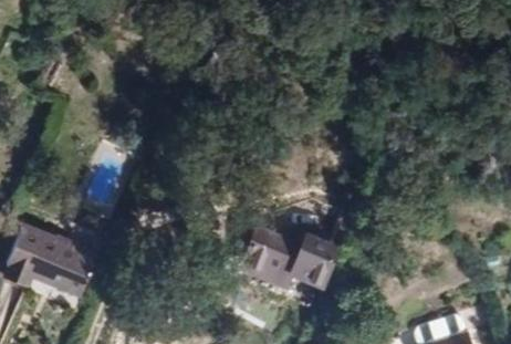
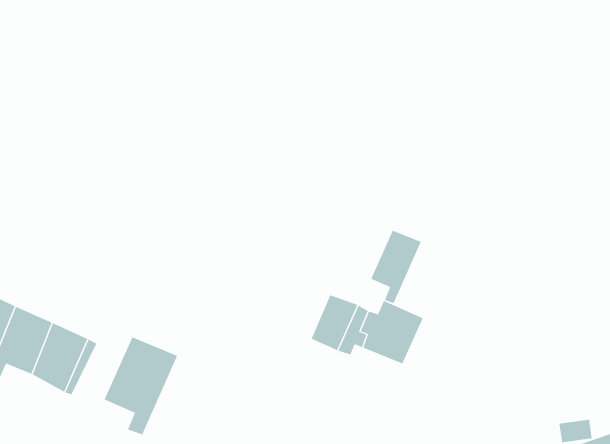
building: none -> [370,230,421,304]
building: none -> [104,337,178,435]

